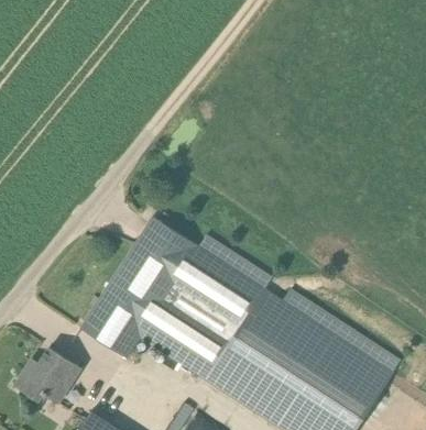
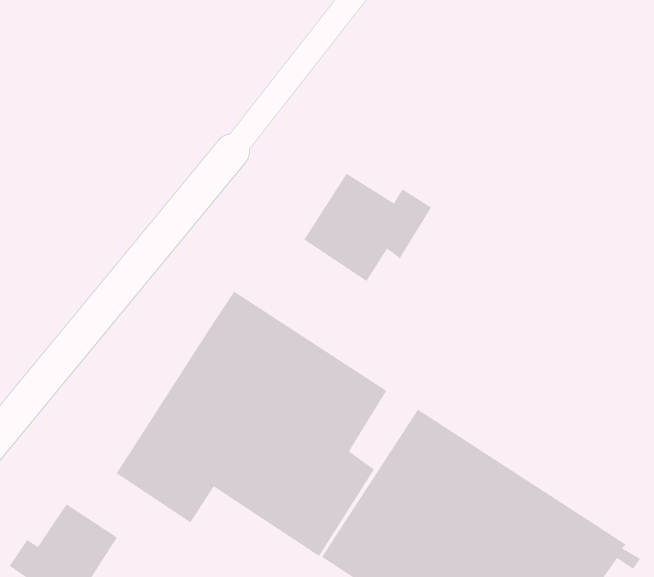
building: none -> [304,173,432,282]

